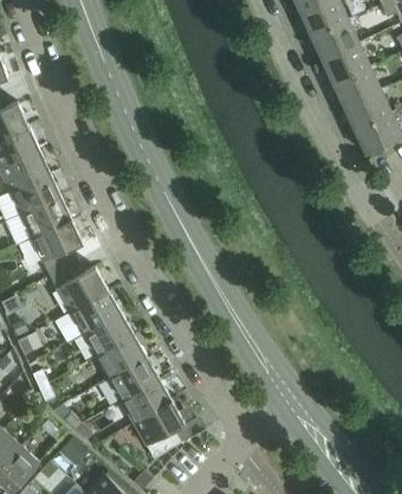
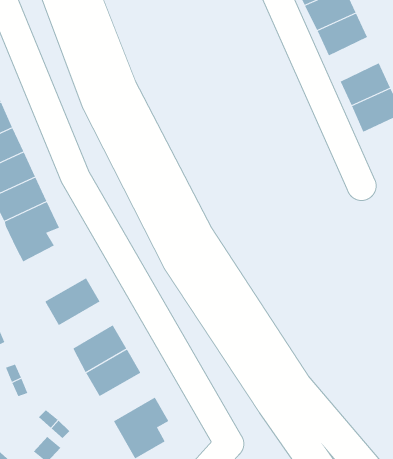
building: [332,65,380,107] -> none
building: [48,259,108,312] -> none
building: [82,312,132,355] -> none
building: [119,378,171,423] -> none

